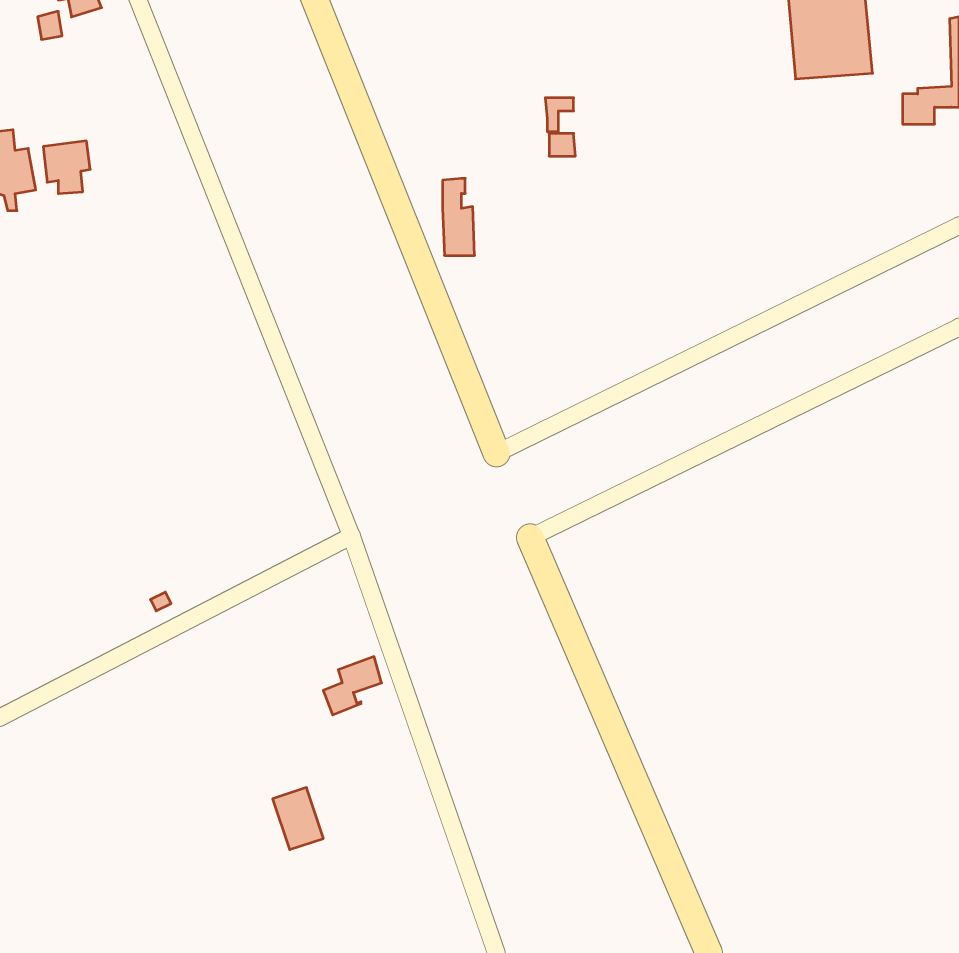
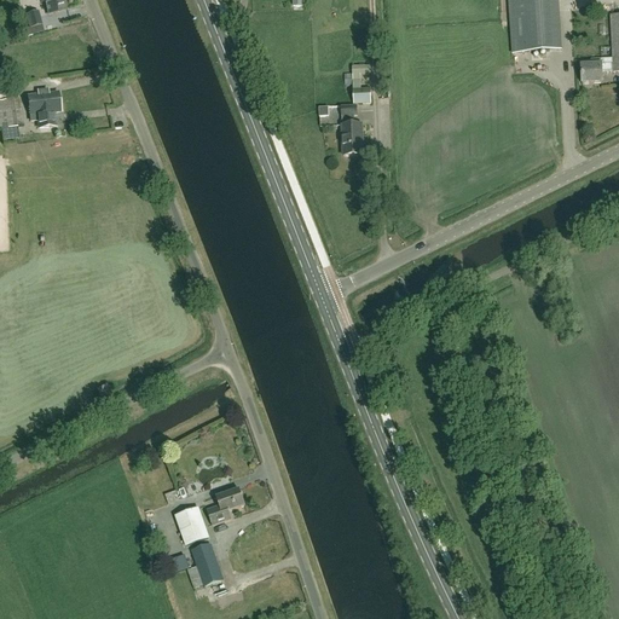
building: [443,178,475,255] -> [341,103,361,152]
building: [323,657,382,715] -> [206,486,243,523]
building: none -> [190,542,222,584]

